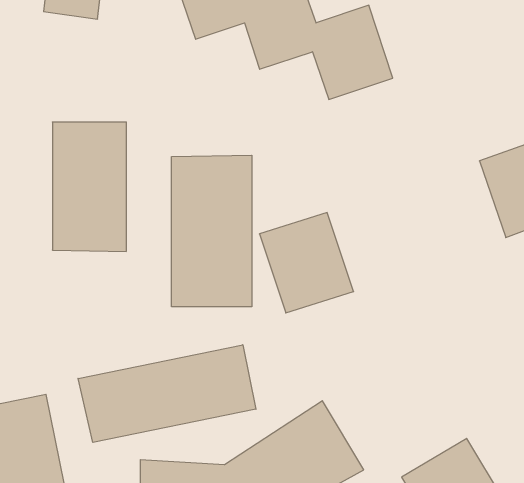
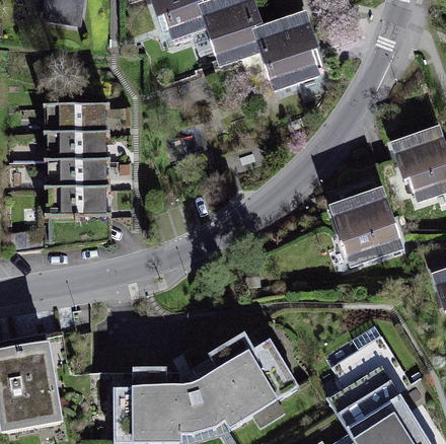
building: [172,155,252,307] -> none
building: [259,213,354,313] -> [328,189,404,270]
building: [78,345,256,442] -> none

